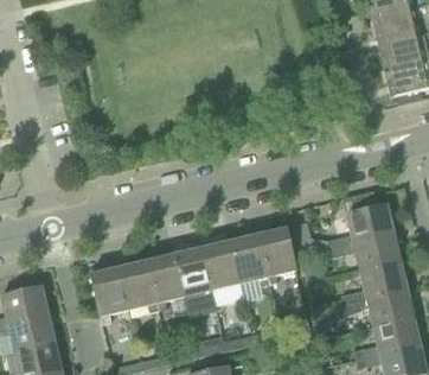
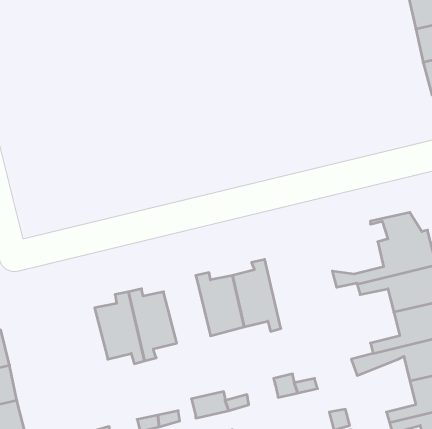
building: [255,227,295,285] -> none
building: [173,242,216,317] -> none
building: [89,266,128,324] -> none

